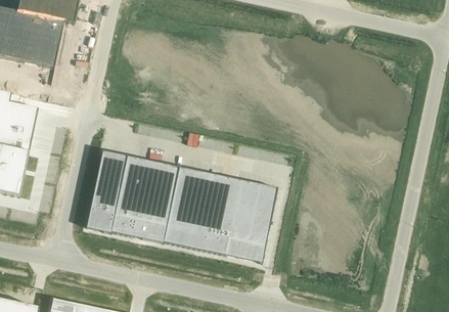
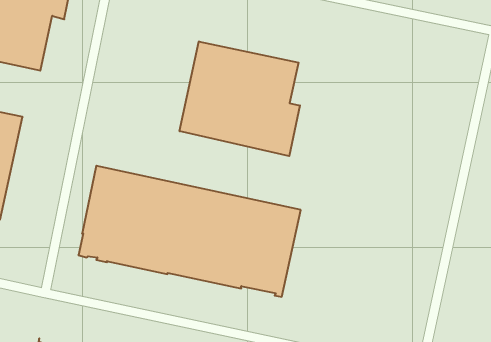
building: none -> [180,41,300,156]

